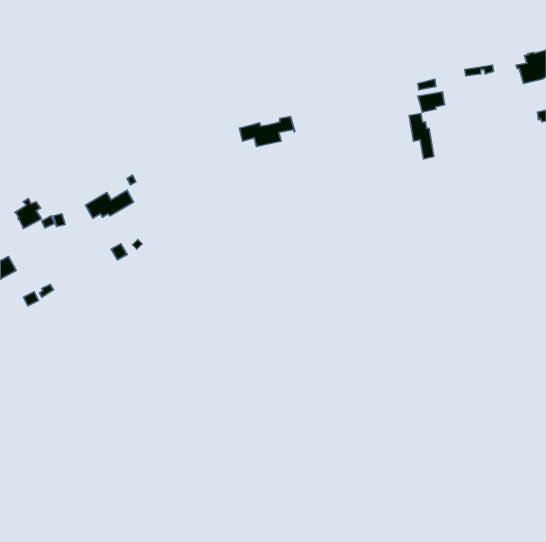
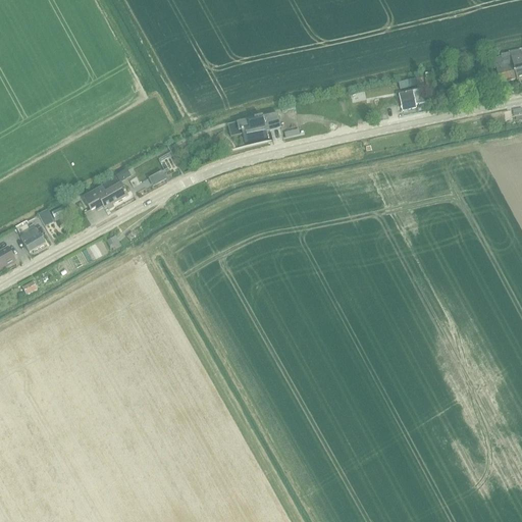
building: [409,113,434,159] -> none
building: [15,199,41,229] -> [20,221,46,250]

